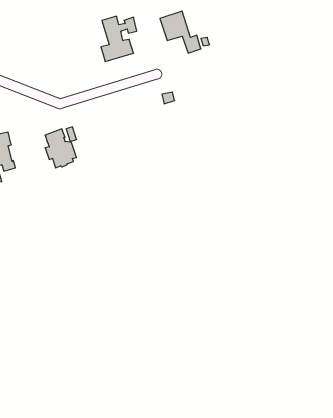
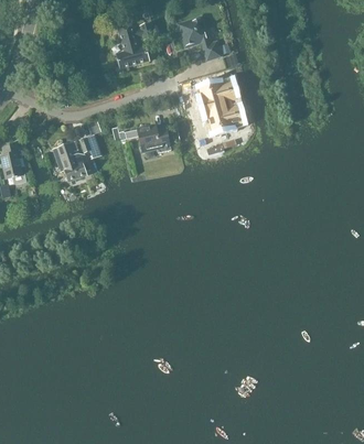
building: none -> [201,79,244,130]
building: none -> [138,124,171,153]

